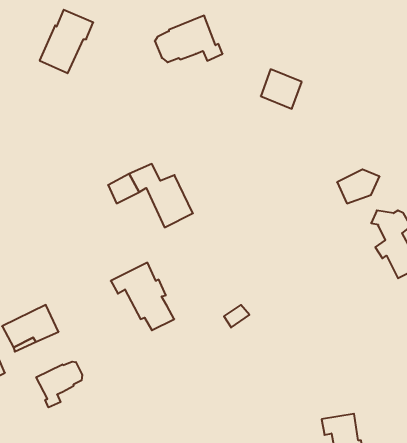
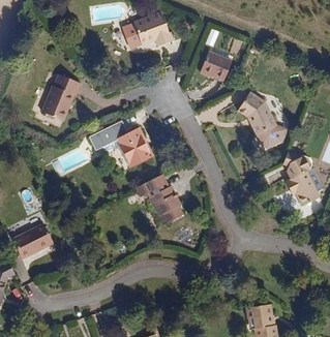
building: [40,10,93,73] -> [42,74,82,121]
building: none -> [239,93,276,134]
building: [111,263,174,330] -> [138,174,184,223]
building: [36,362,82,407] -> none

